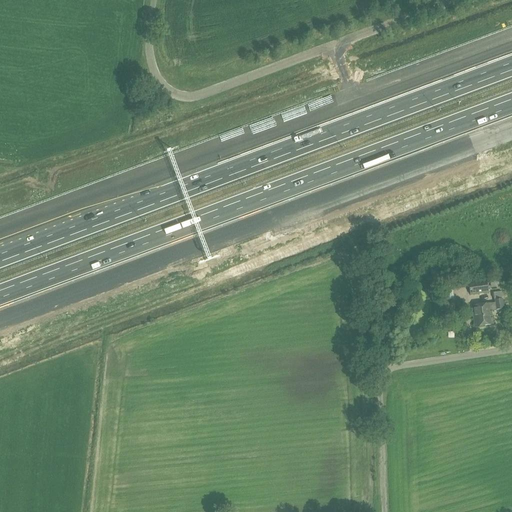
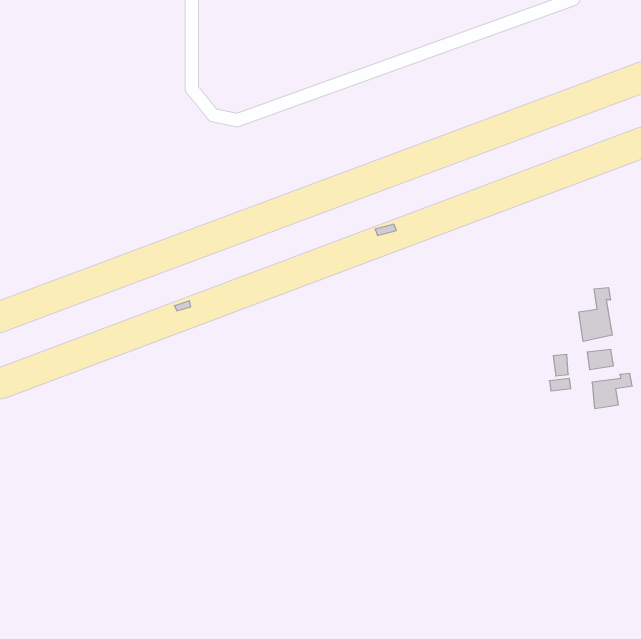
building: none -> [579,288,612,341]

